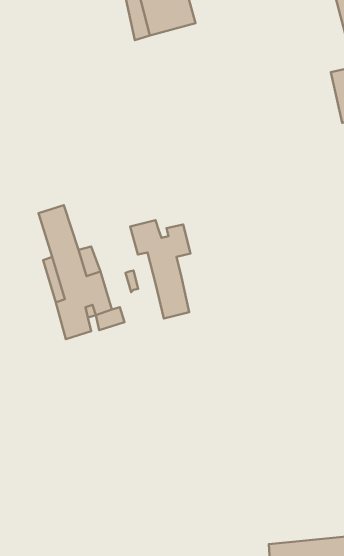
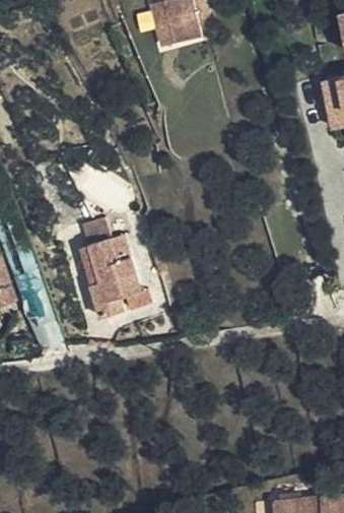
building: [130,220,190,319] -> none

